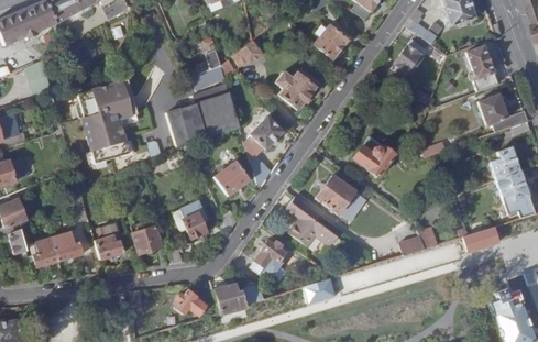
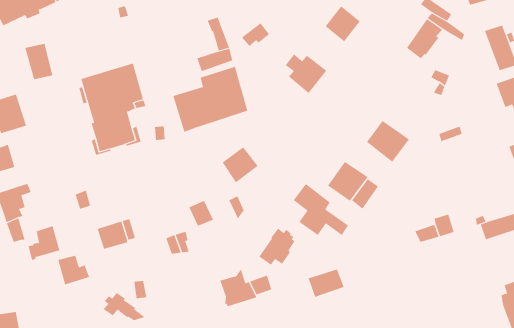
building: [248,115,284,161] -> none
building: [133,223,163,252] -> none
building: [54,231,85,260] -> [58,255,90,285]
building: [175,288,216,316] -> [103,292,145,321]

